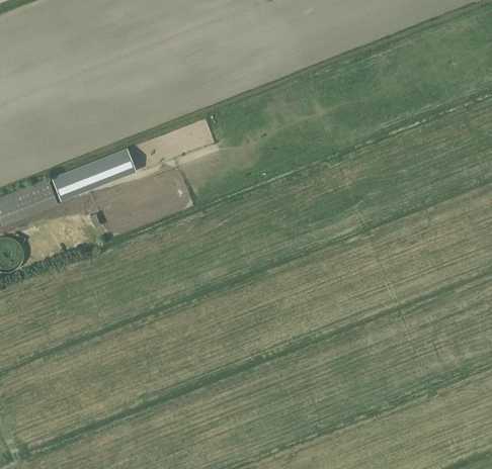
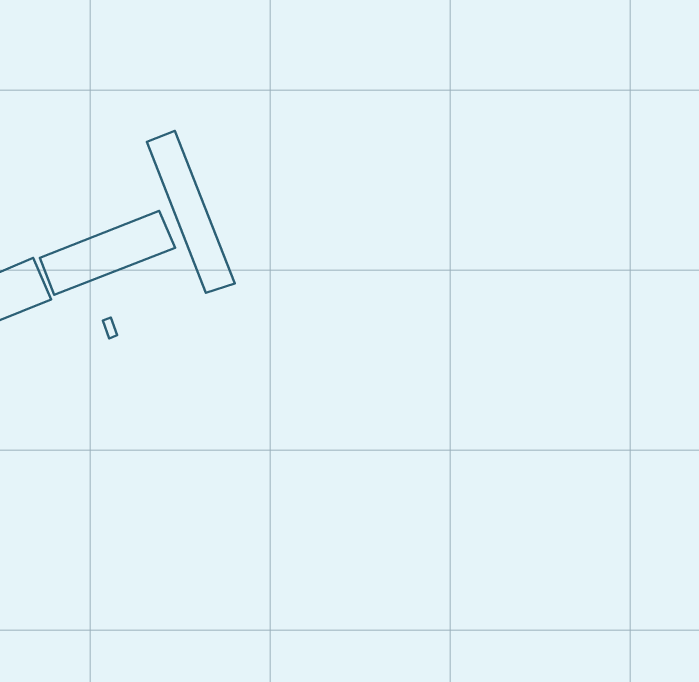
building: none -> [147,131,235,293]

